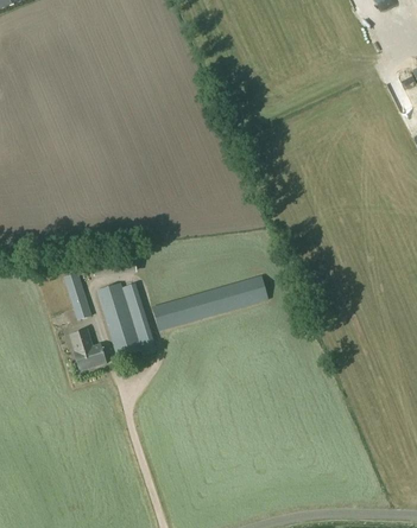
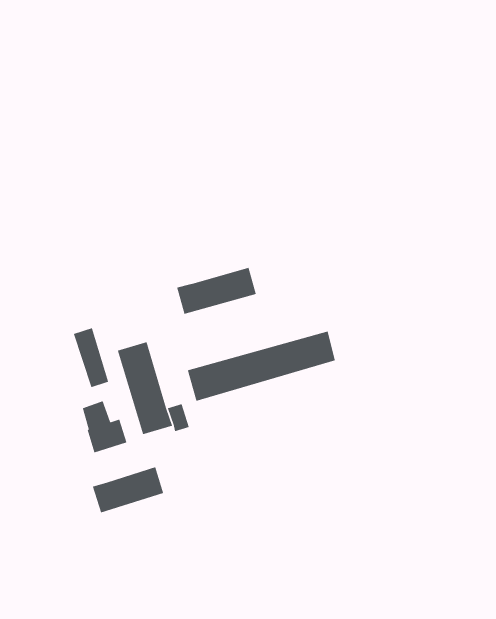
building: none -> [176,267,257,315]
building: none -> [92,466,164,513]

